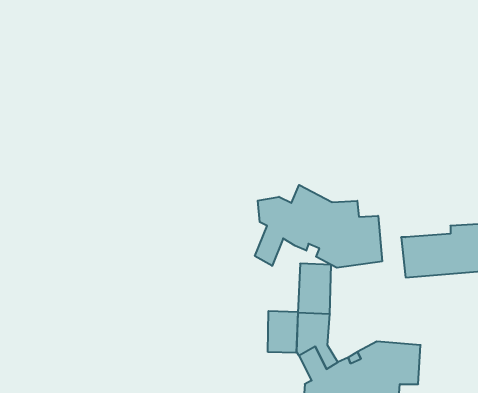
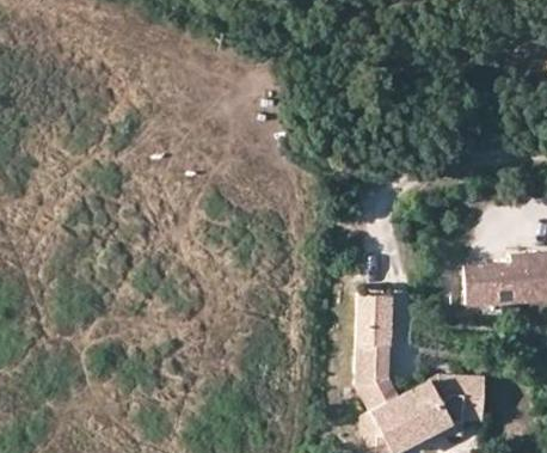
building: [255,185,382,268] -> none
building: [268,311,298,353] -> none

